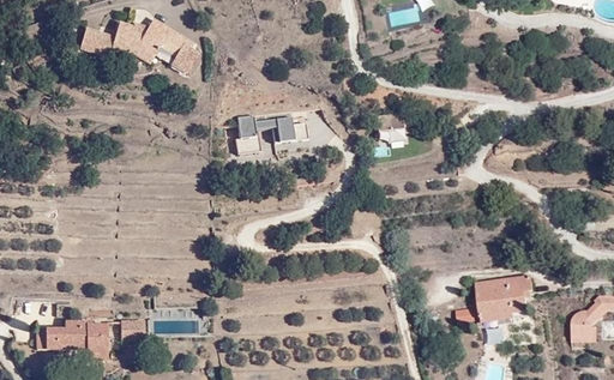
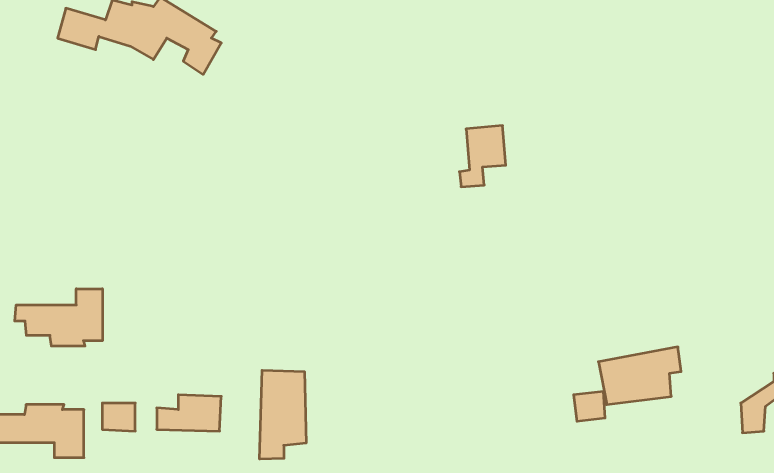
building: [236,116,309,157] -> none
building: none -> [15,289,102,346]
building: none -> [260,370,306,459]

